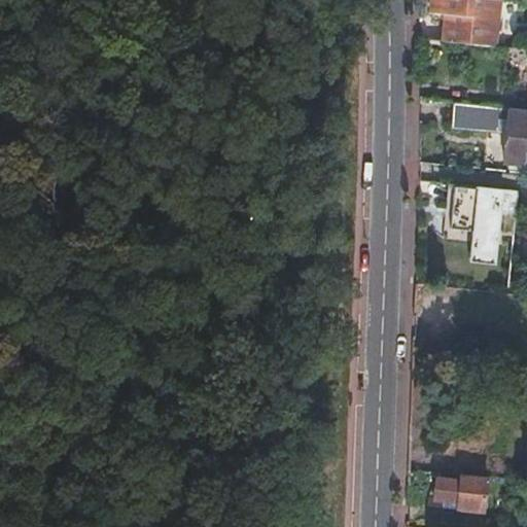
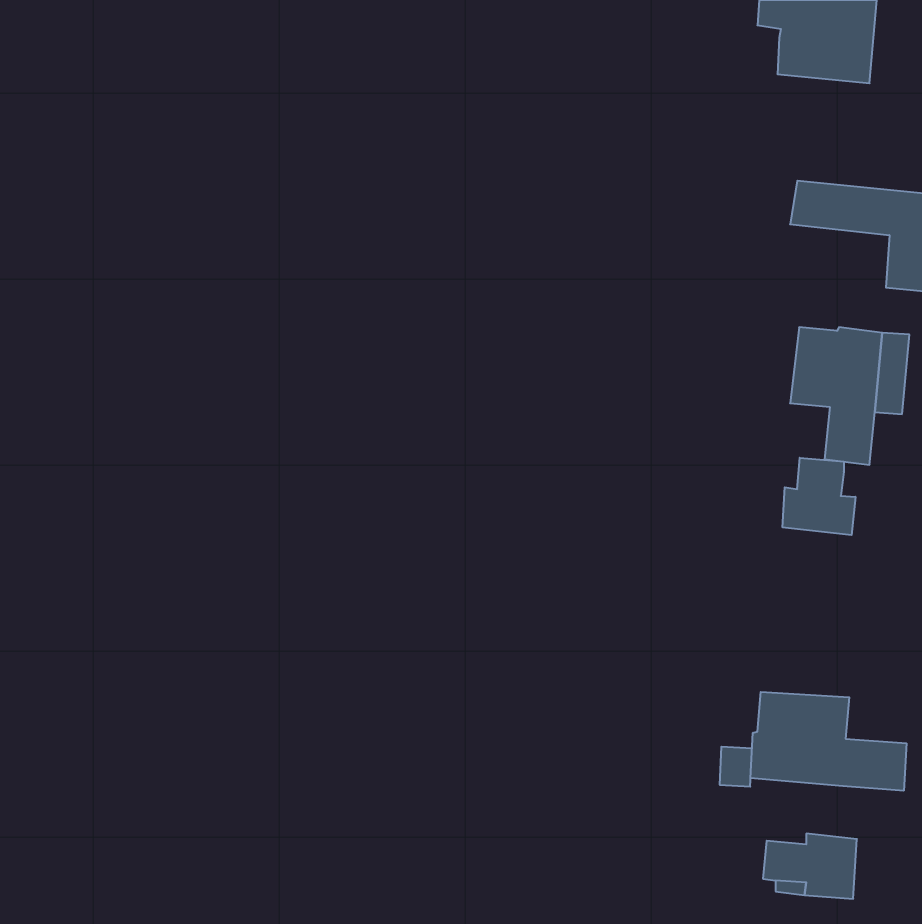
building: none -> [783,458,855,535]
building: none -> [751,692,906,791]

